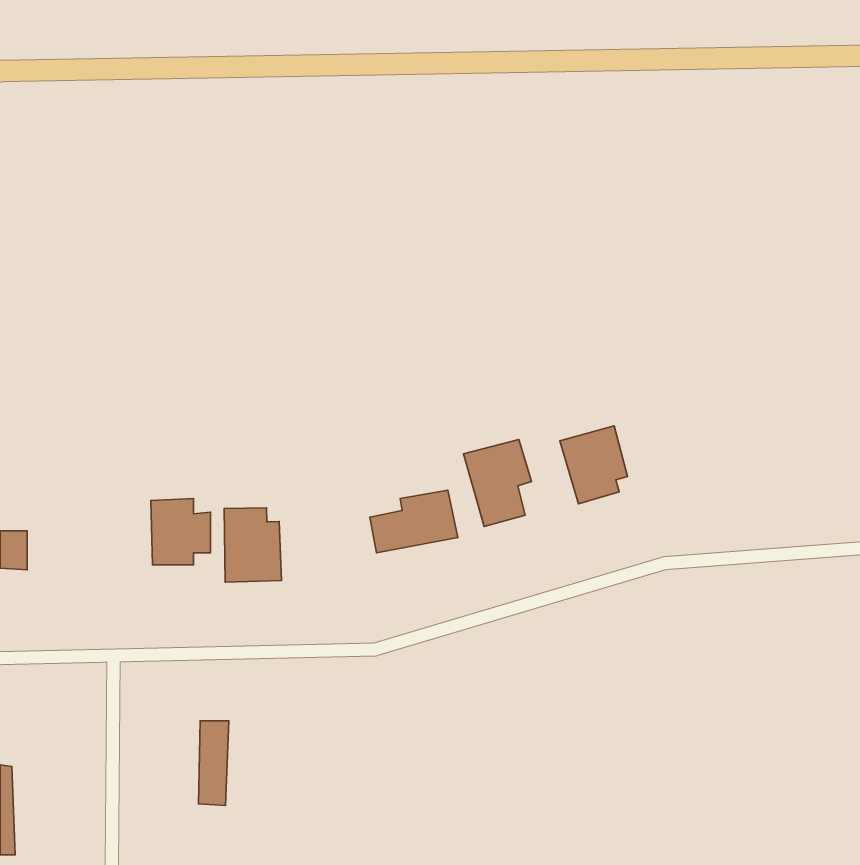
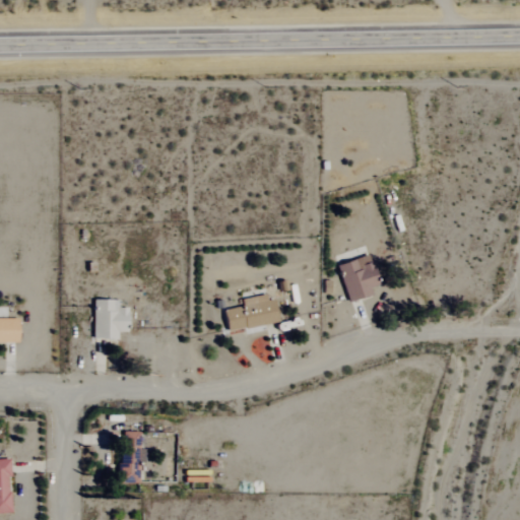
building: [464,439,531,527] -> none
building: [224,508,281,582] -> none

